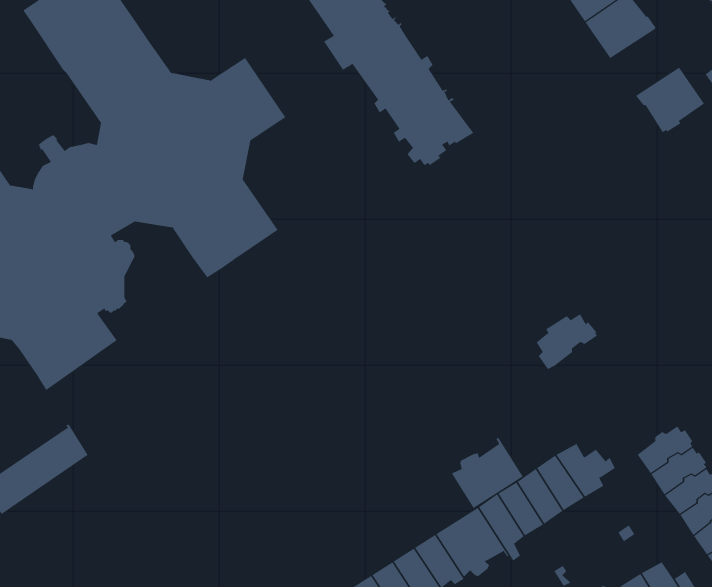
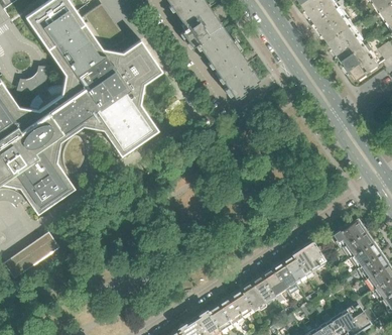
building: none -> [330,27,372,62]
building: [536,314,598,370] -> [334,221,366,250]
building: [451,437,524,509] -> none

